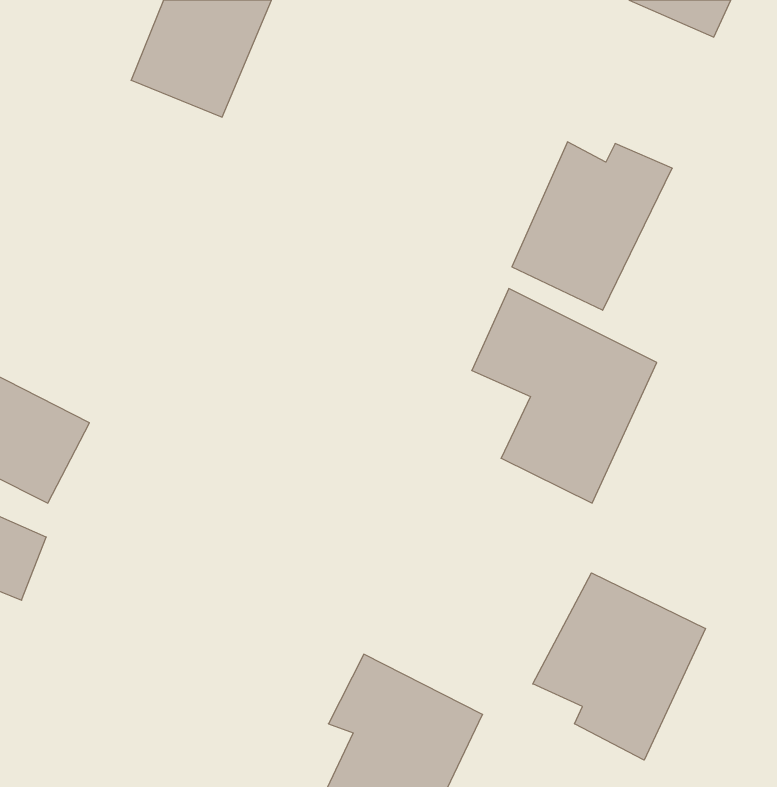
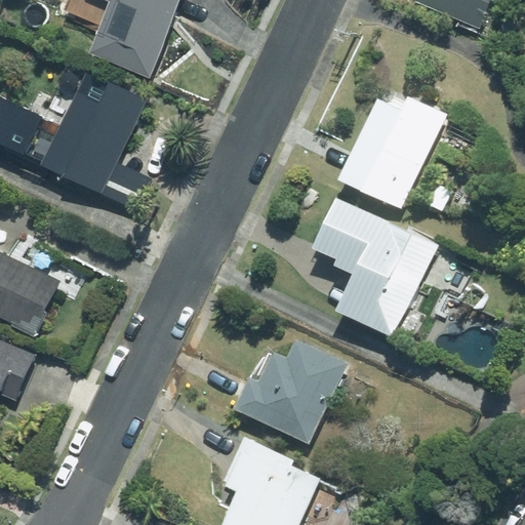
building: none -> [38,82,148,210]
building: none -> [236,337,347,442]
building: [533,573,705,760] -> none

